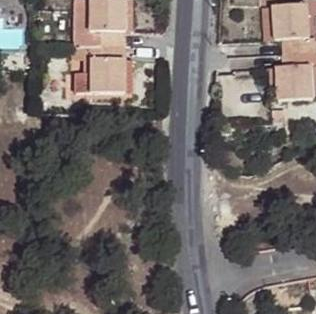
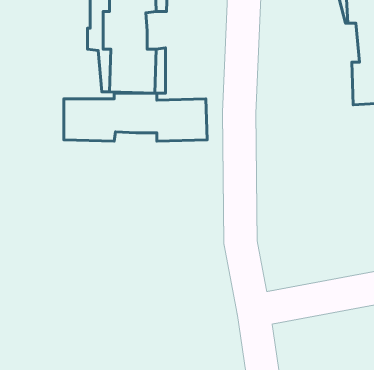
building: none -> [64,93,207,141]

